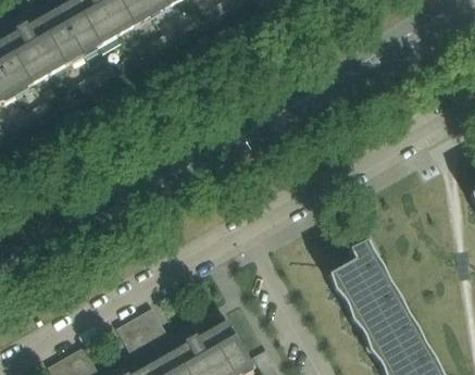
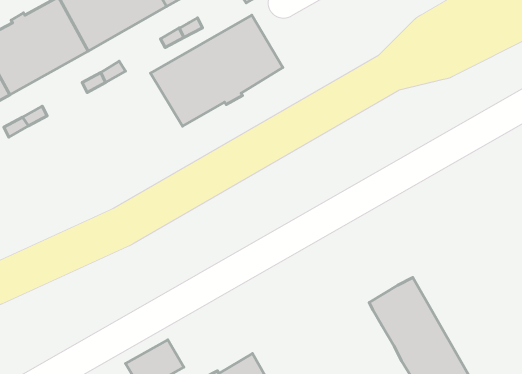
building: none -> [150,15,283,126]

